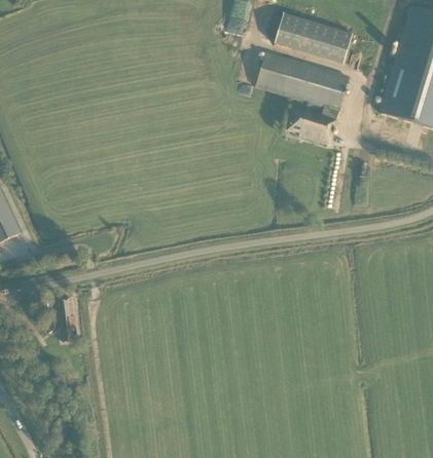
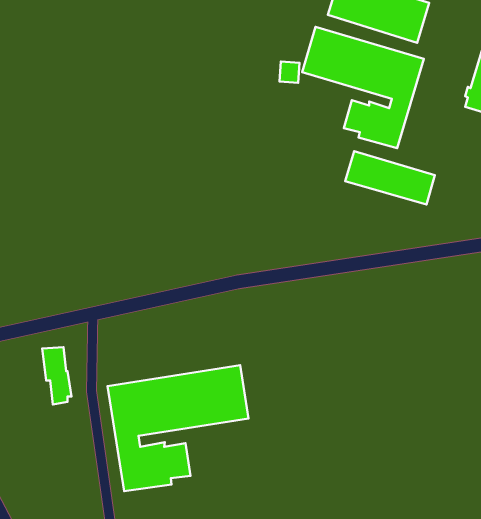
building: none -> [345,151,435,204]
building: none -> [107,365,248,491]

